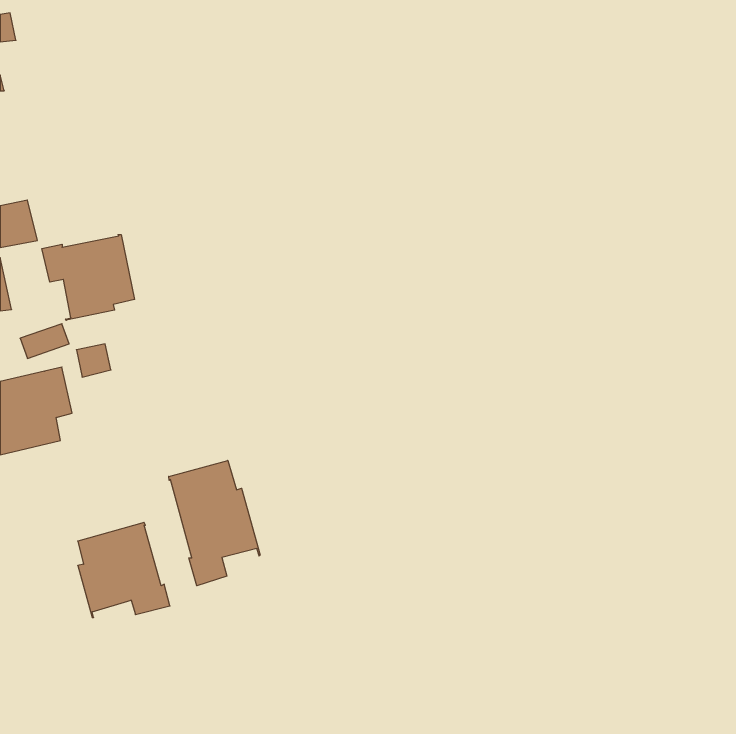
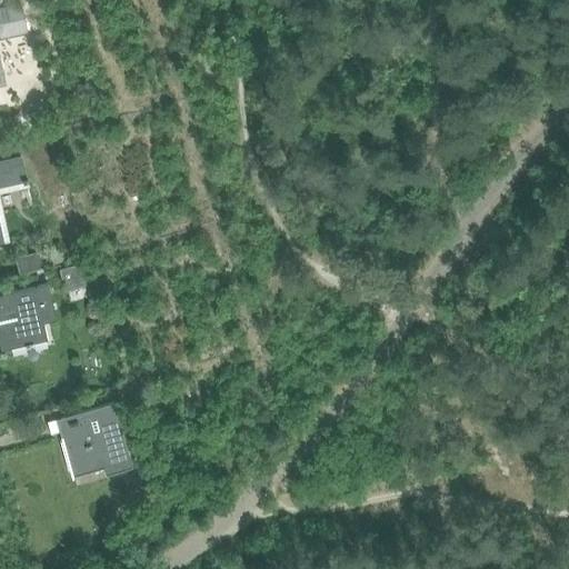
building: [42,235,135,320] -> none
building: [169,460,260,586] -> none

